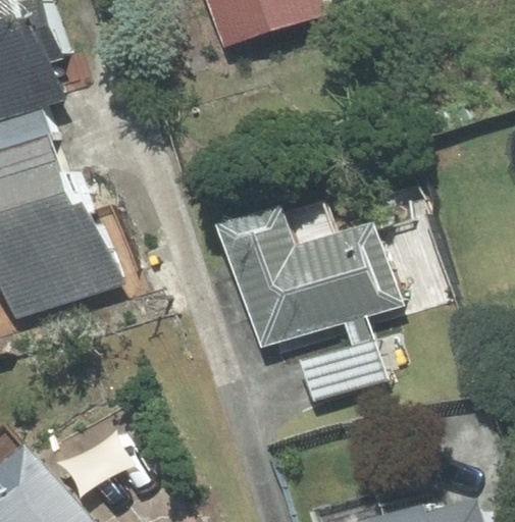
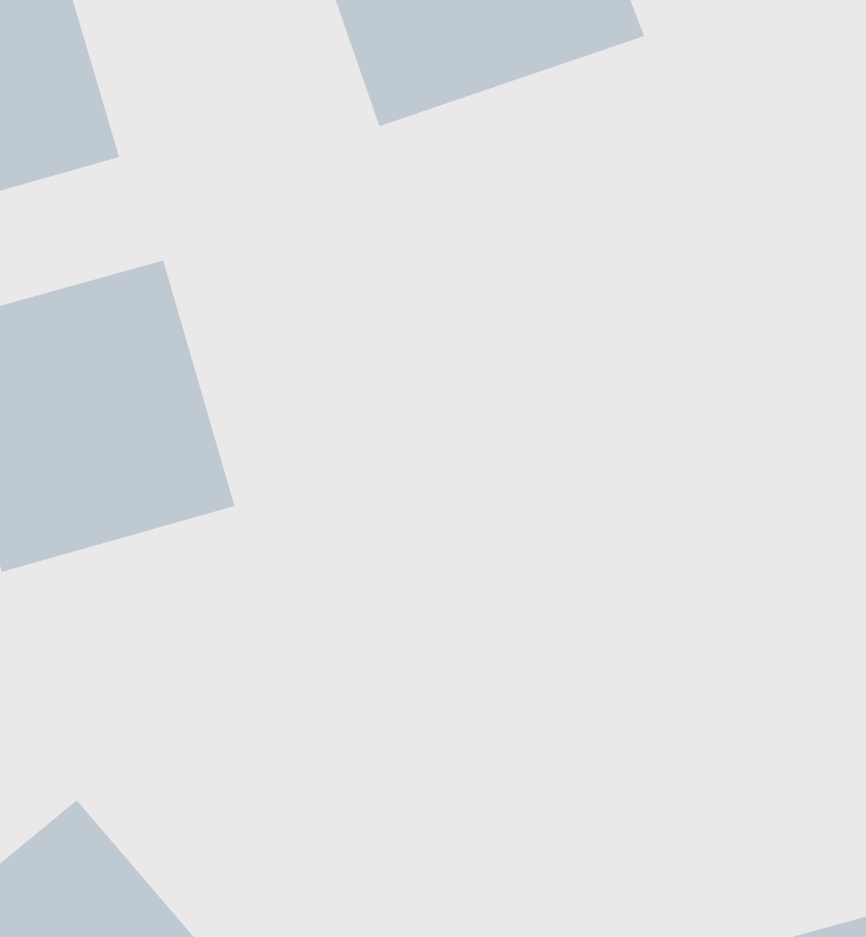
building: [228,209,418,357] -> none

